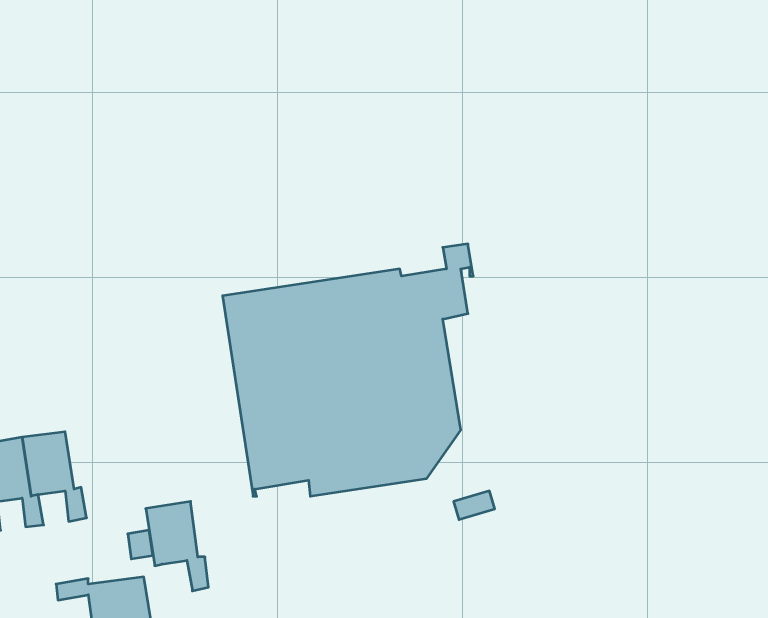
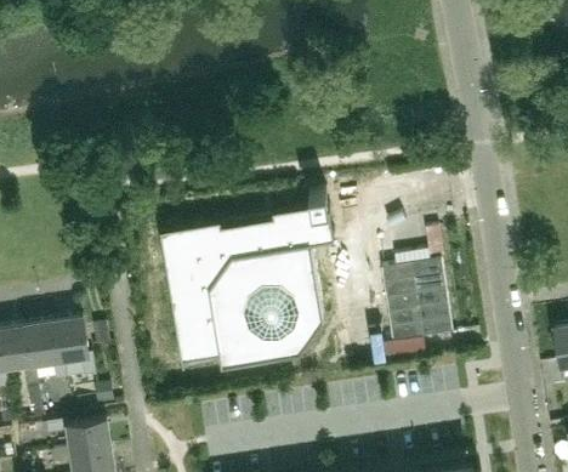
building: none -> [382,227,451,358]
building: [146,501,208,591] -> [53,315,96,376]

